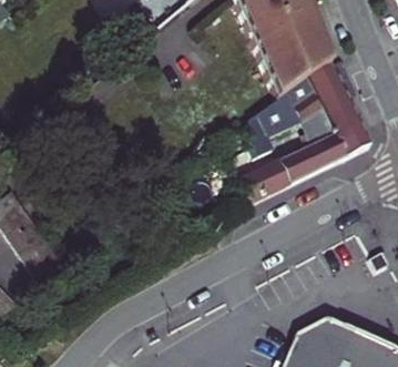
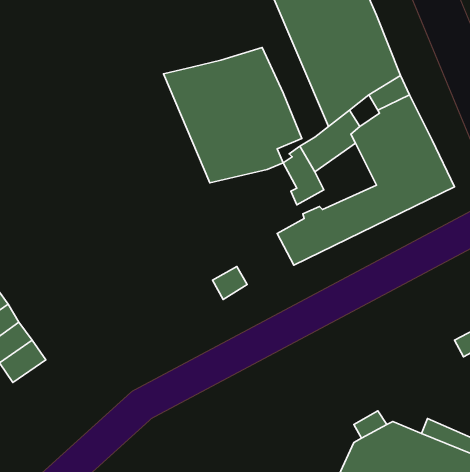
building: none -> [163,47,302,183]

